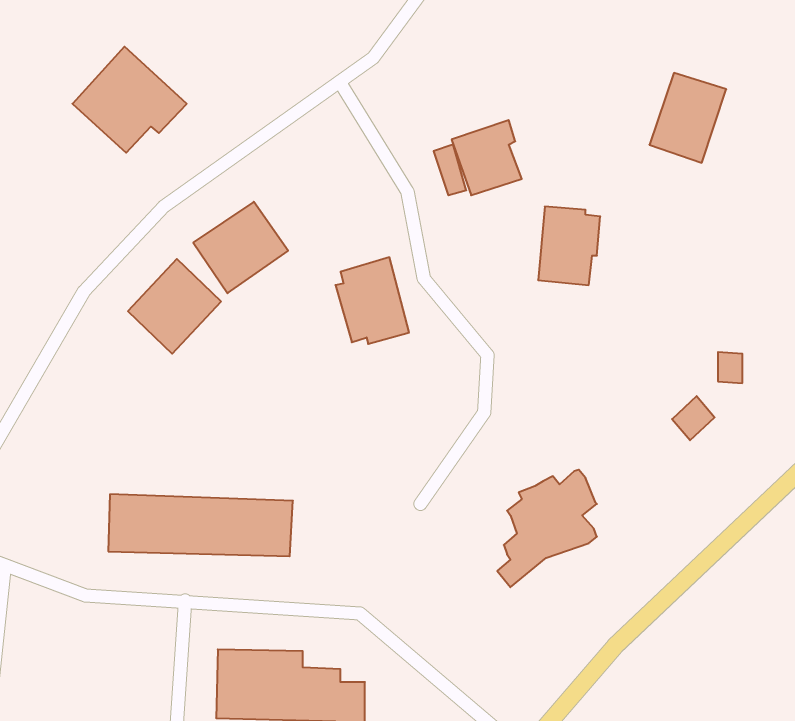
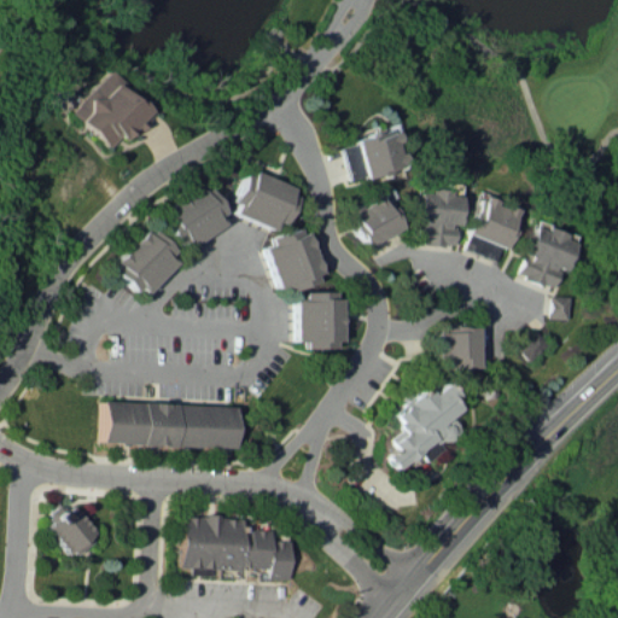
building: [649,73,726,163] -> [468,197,525,263]
building: none -> [240,170,304,229]
building: none -> [352,194,408,249]
building: none -> [523,226,578,290]
building: none -> [301,292,345,350]
building: none -> [443,326,489,369]
building: none -> [49,501,103,559]

